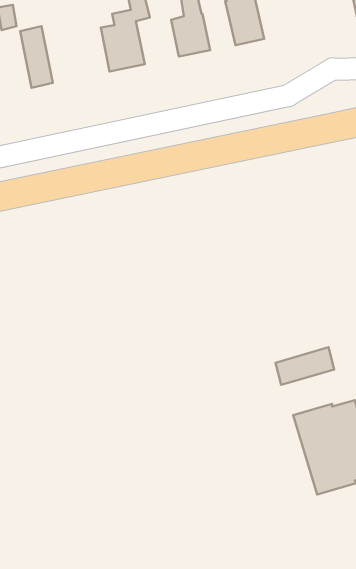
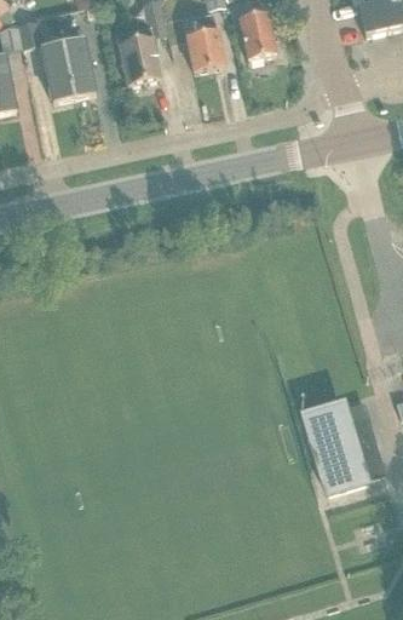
building: none -> [62,34,94,92]
building: [275,347,334,385] -> none

